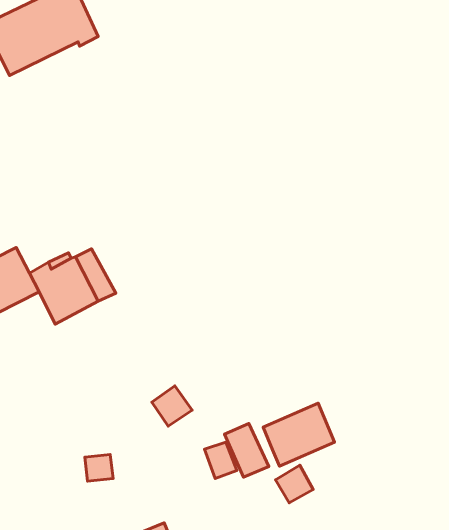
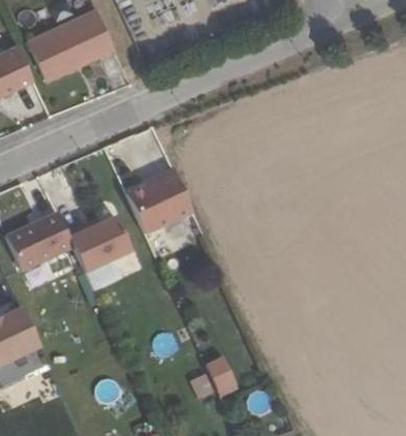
building: none -> [125,164,193,231]
building: [263,403,334,466] -> none

